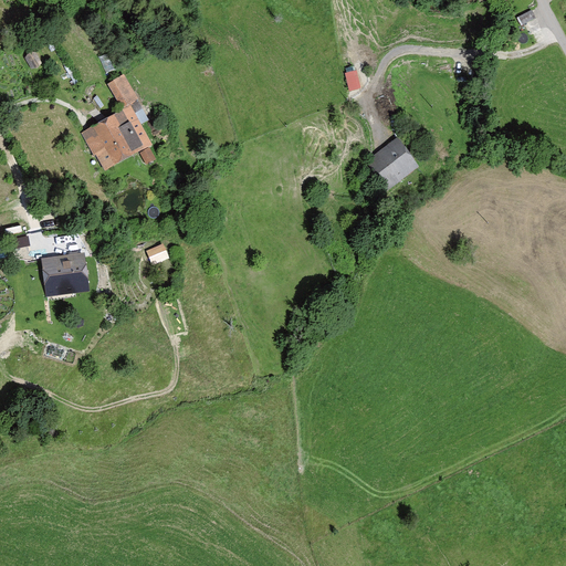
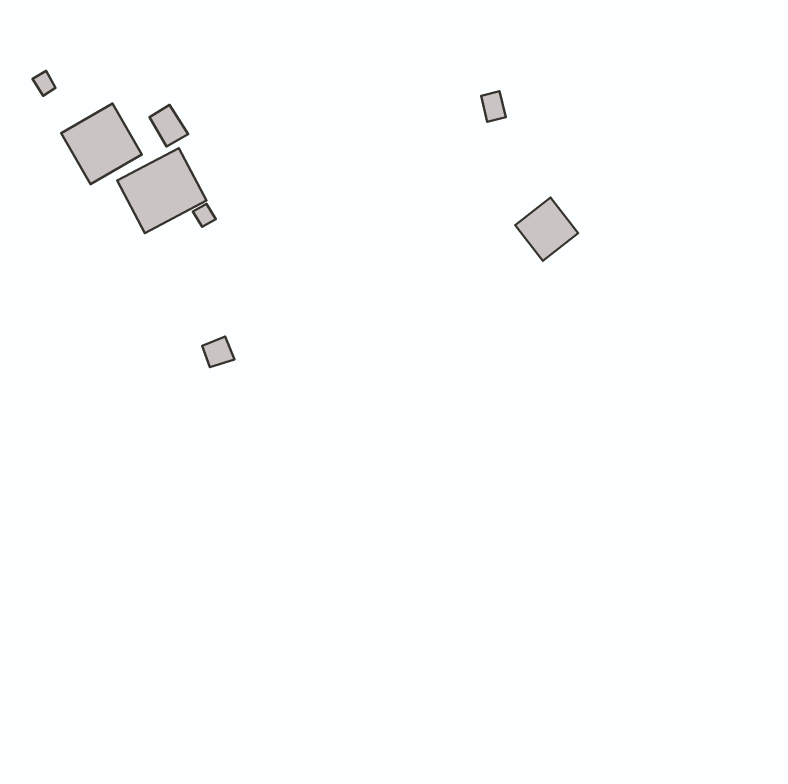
building: none -> [61,104,142,184]
building: [43,252,87,295] -> none

